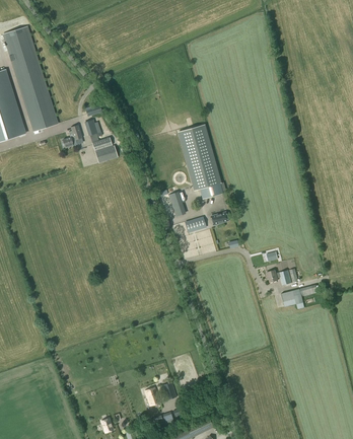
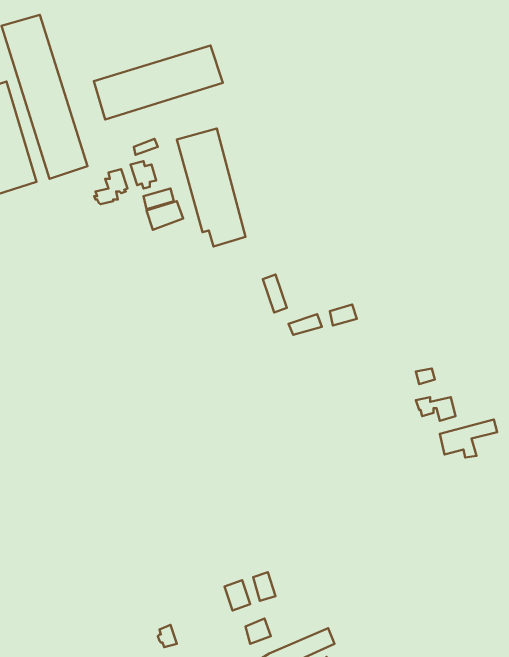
building: none -> [94,45,223,119]
building: [179,124,222,199] -> [177,128,245,246]

